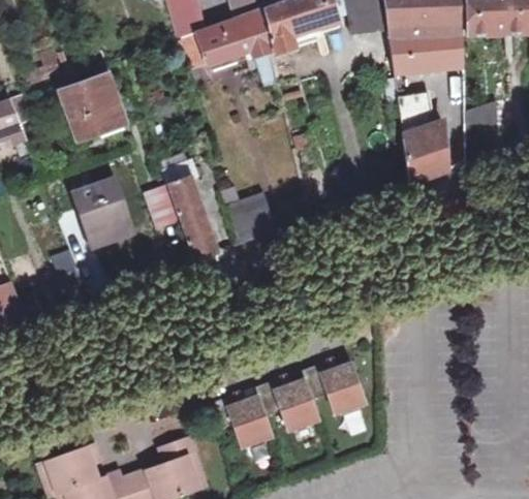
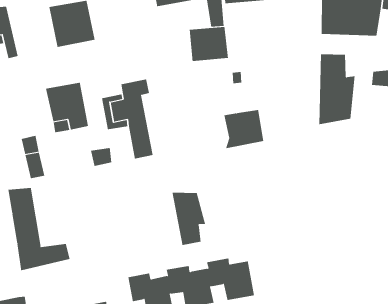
building: none -> [189,26,229,62]
building: [224,193,278,247] -> [224,110,264,149]
building: none -> [172,192,206,246]
building: none -> [8,187,70,271]

